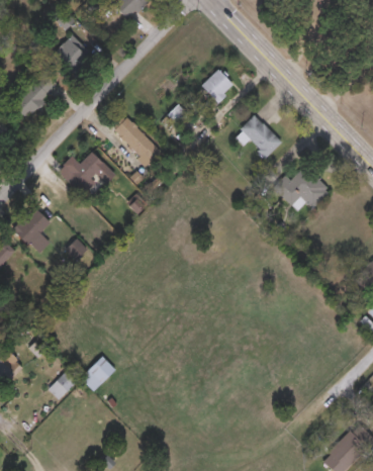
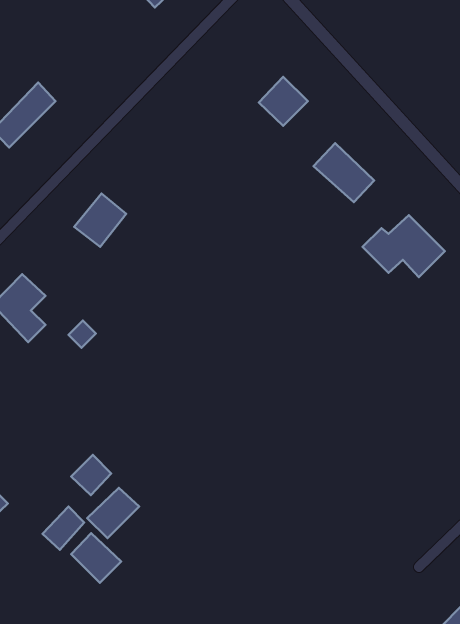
building: [54,34,92,73] -> none
building: [113,117,161,165] -> none
building: none -> [71,455,111,495]
building: none -> [71,533,121,583]

